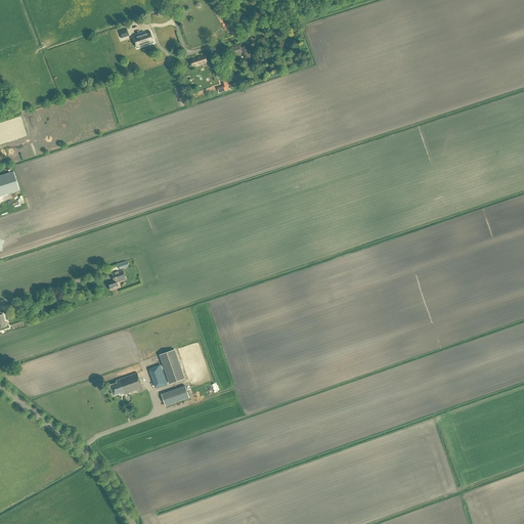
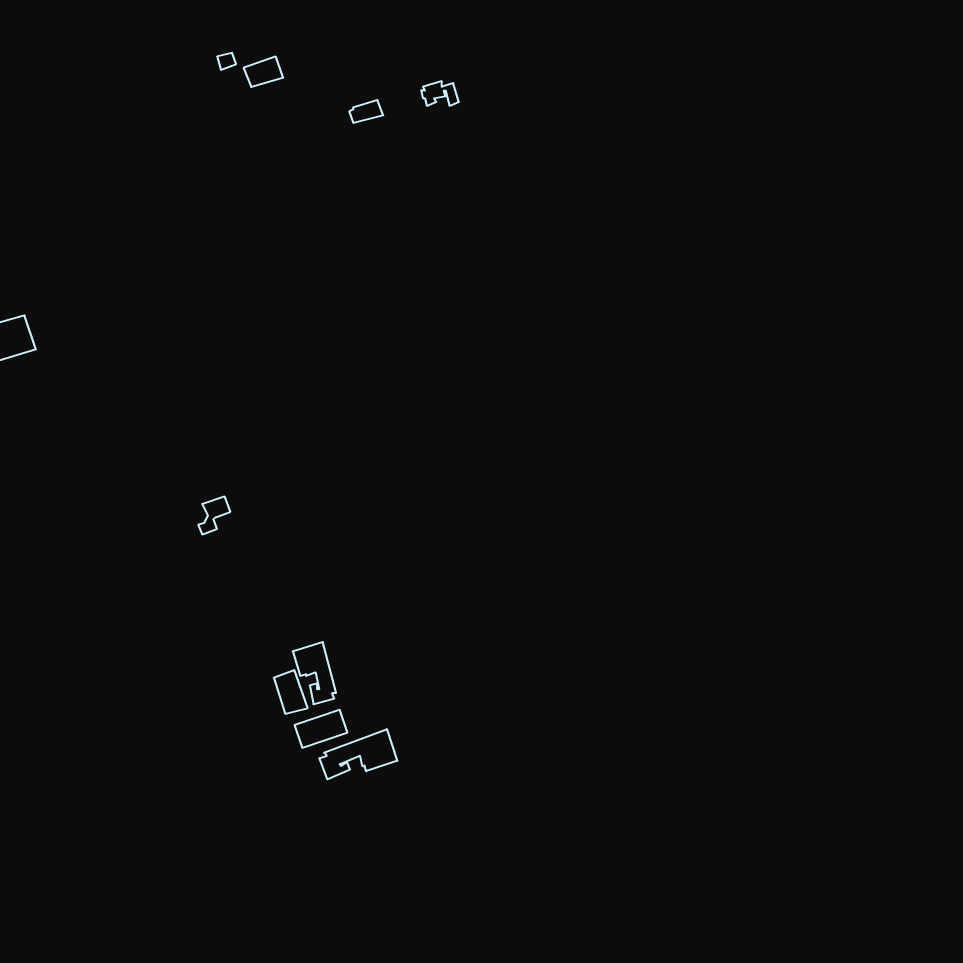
building: [110,373,141,394] -> none
building: none -> [319,729,397,779]

